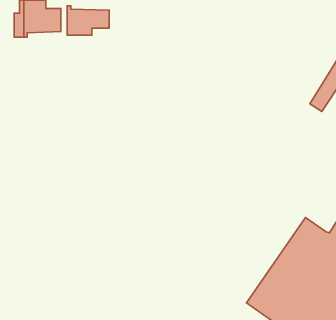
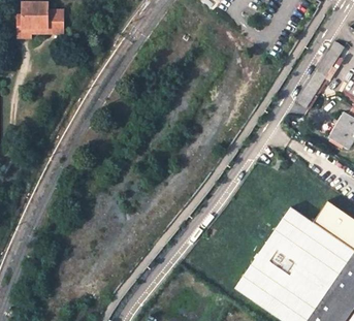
building: [67,6,109,35] -> none

